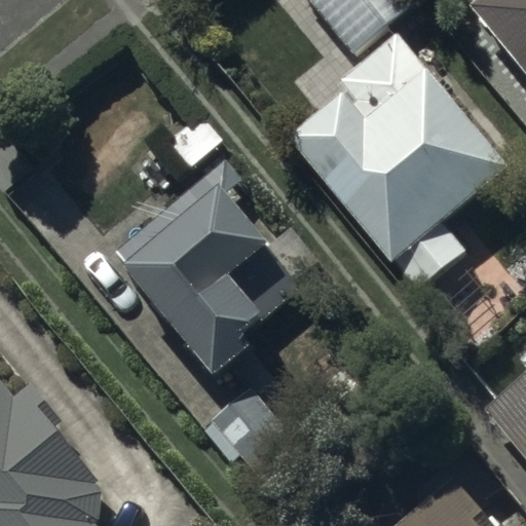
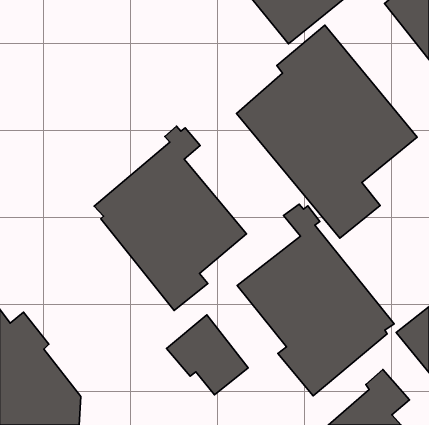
building: none -> [237,204,394,396]

